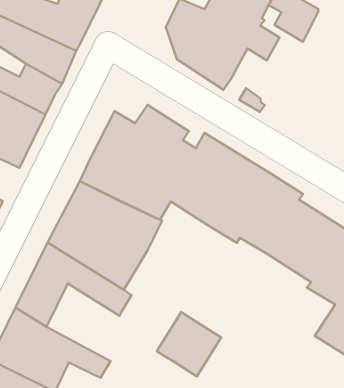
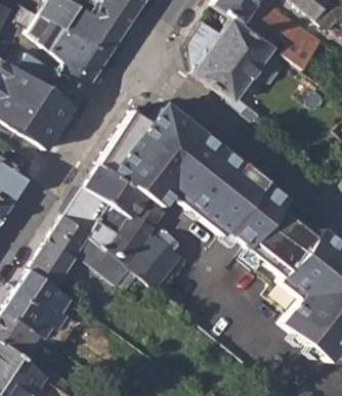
building: [157,312,221,376] -> [124,233,180,290]

